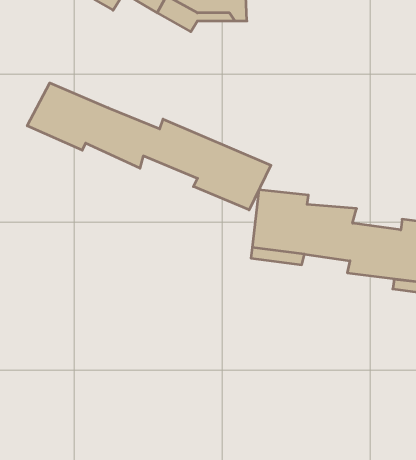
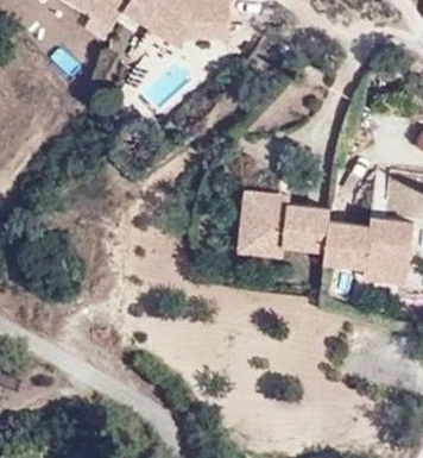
building: [27,83,271,210] -> none

